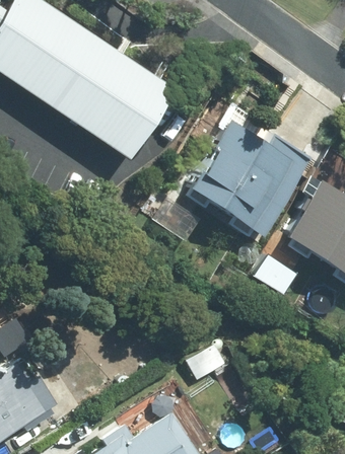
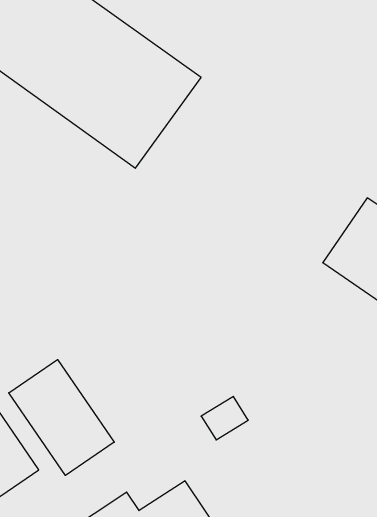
building: [187,125,309,238] -> none
building: none -> [9,360,114,475]

